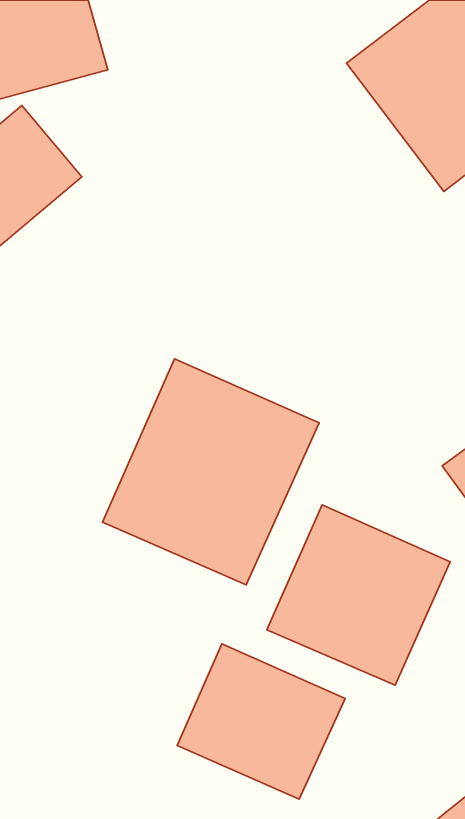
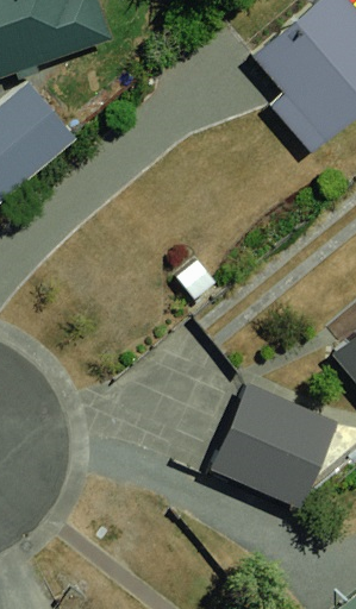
building: [103,359,319,585] -> none
building: [177,644,345,799] -> none

